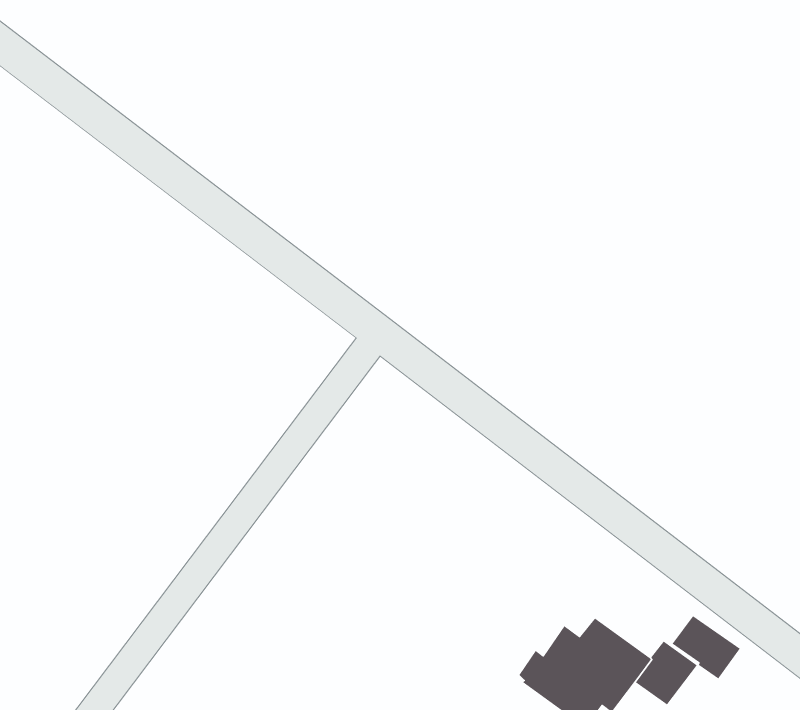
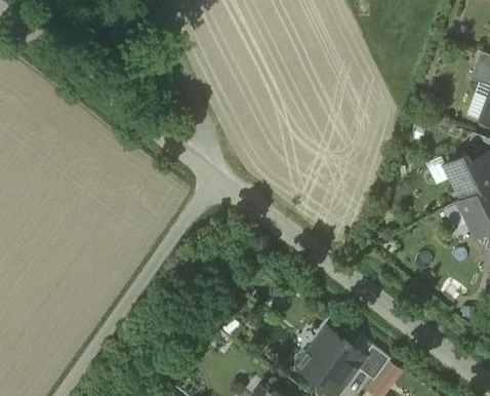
building: [672,615,741,679] -> none

